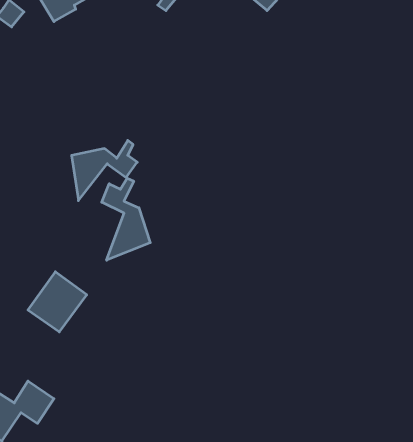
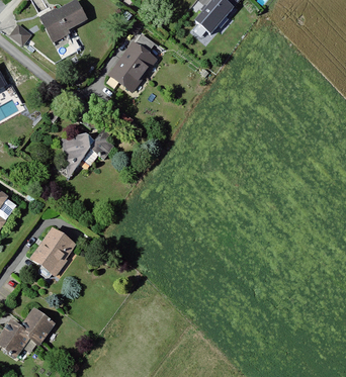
building: none -> [112,34,158,92]
building: [102,178,150,260] -> none

